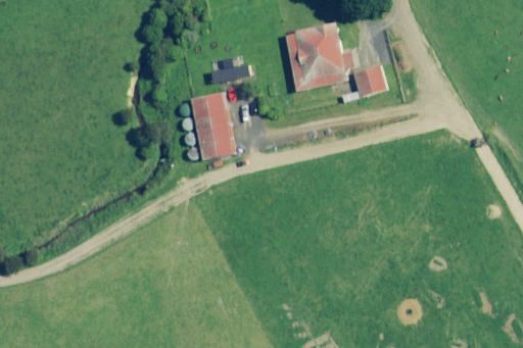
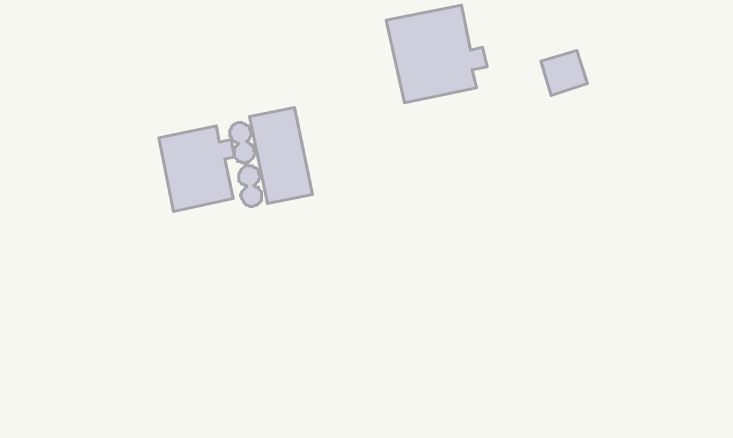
building: [354,66,386,97] -> [541,51,587,96]
building: none -> [159,126,234,212]

